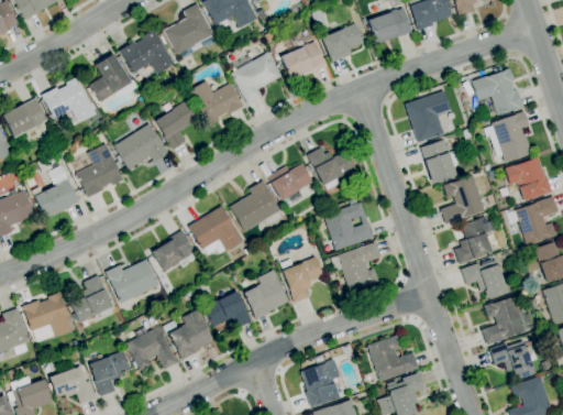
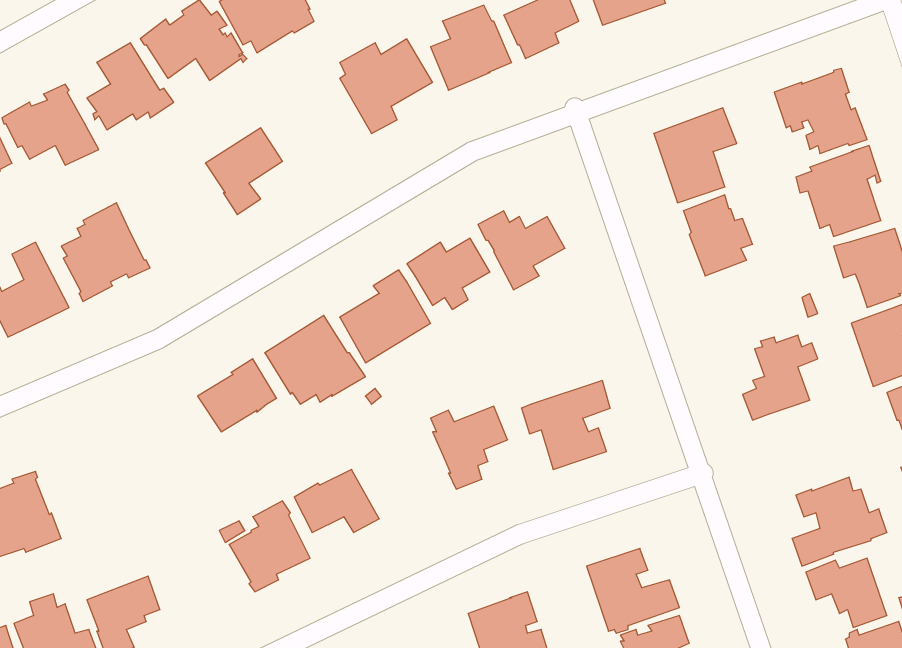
building: [189,81,244,125] -> none
building: [113,123,168,170] -> none
building: [441,176,484,225] -> none
building: [323,203,374,251] -> none
building: [106,259,159,304] -> none
building: [461,259,507,299] -> none
building: [243,270,289,320] -> none
building: [68,275,112,323] -> none
building: [125,316,178,372] -> none

